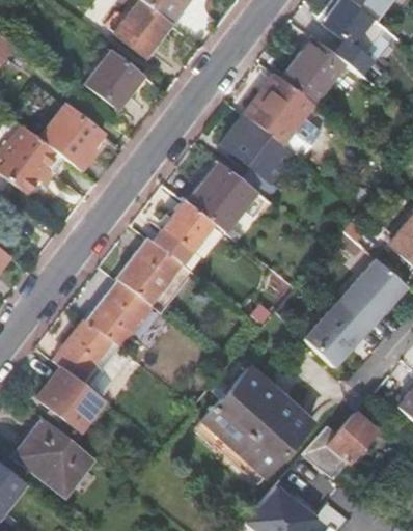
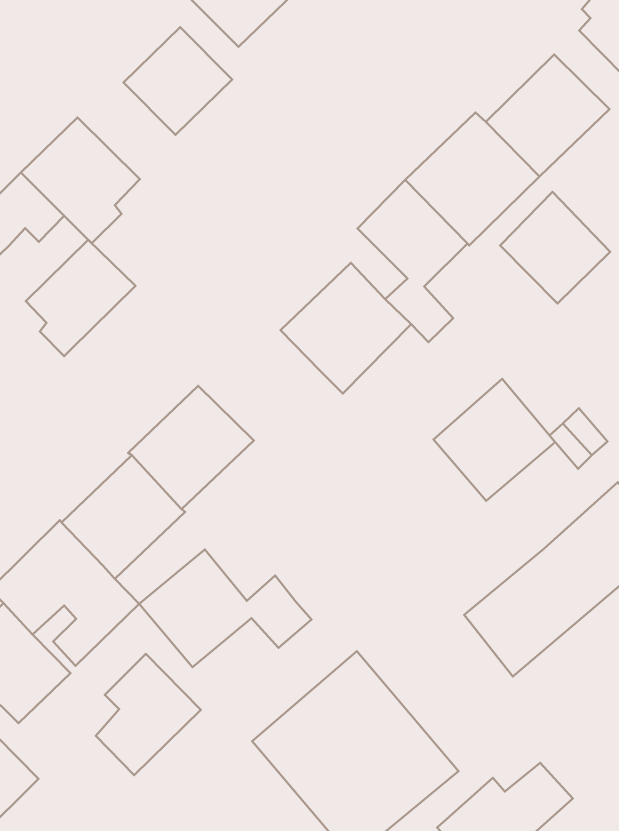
building: none -> [500,192,610,304]
building: none -> [26,240,135,356]
building: [162,201,212,250] -> none
building: none -> [434,379,555,501]
building: none -> [139,550,311,667]
building: none -> [96,654,201,775]

